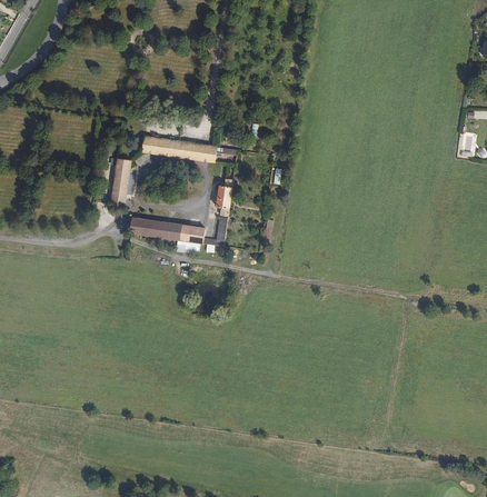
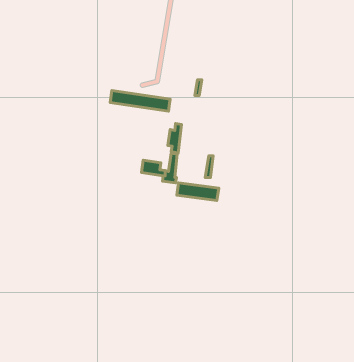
building: [110,158,131,205] -> none
building: [130,218,183,240] -> [177,183,219,200]

